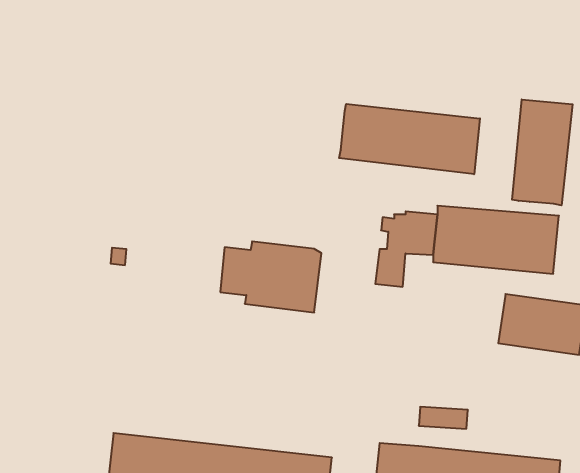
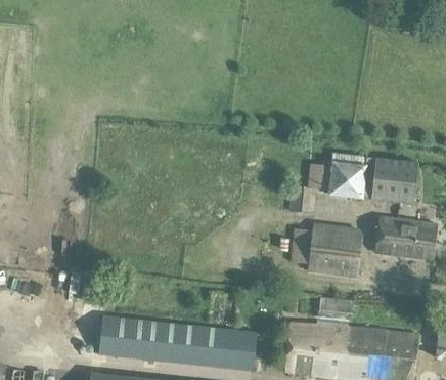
building: [512,99,573,205] -> none
building: [339,104,480,174] -> none
building: [220,241,321,312] -> [292,224,363,275]

